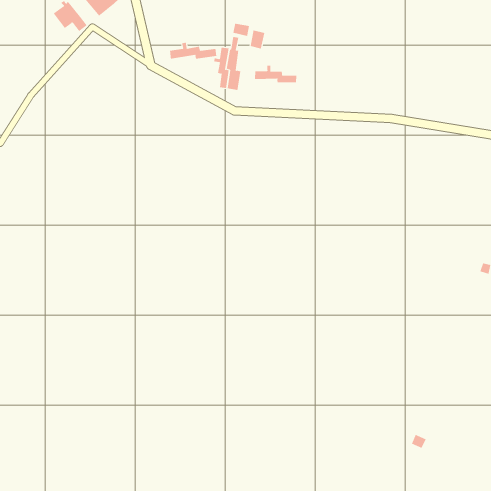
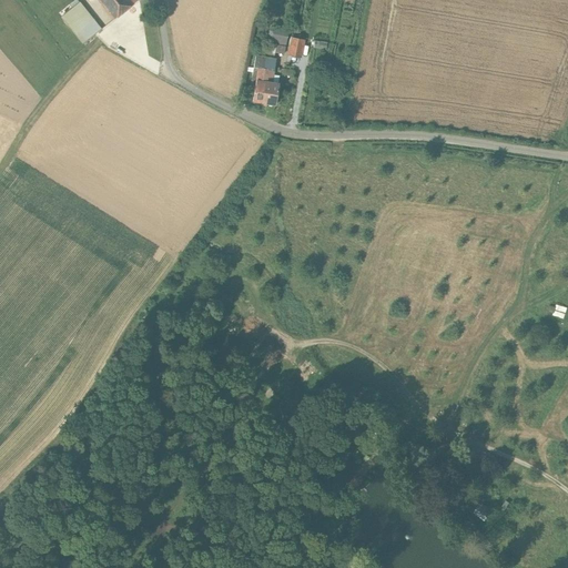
building: [169,42,217,60] -> none
building: [254,65,297,83] -> none

